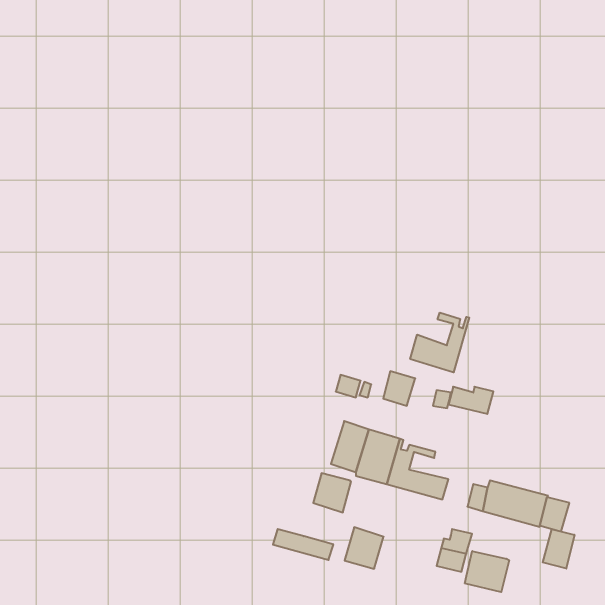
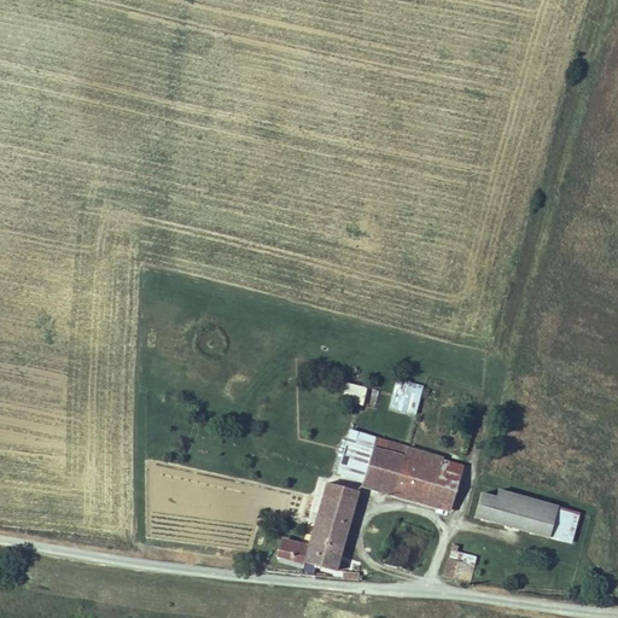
building: [410,313,469,372] -> none
building: [448,387,493,414] -> [418,460,464,488]
building: [345,527,384,569] -> [310,512,350,554]
building: [543,529,574,569] -> none
building: [465,551,509,592] -> none

